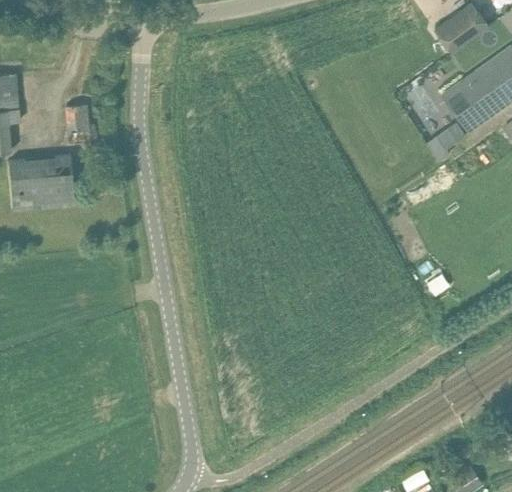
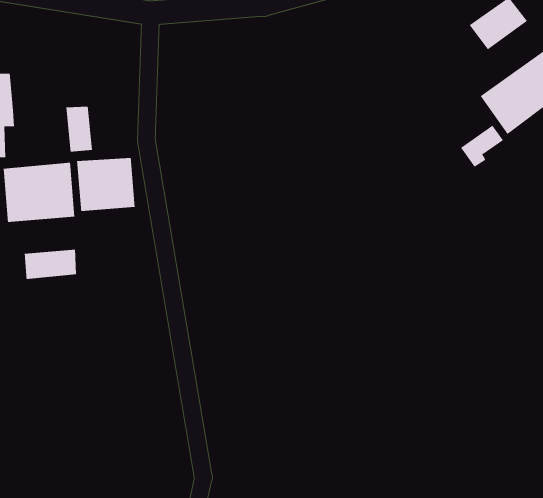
building: none -> [77,157,135,212]
building: none -> [24,249,77,280]

